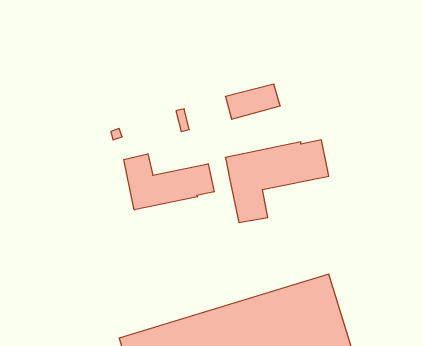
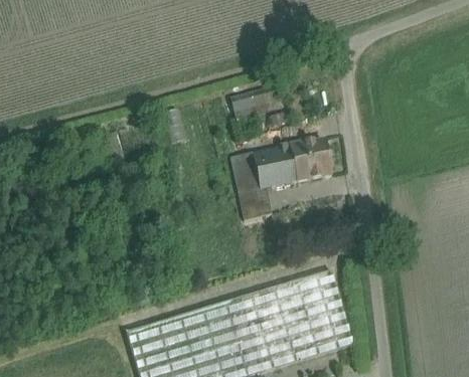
building: [124,154,214,210] -> none

